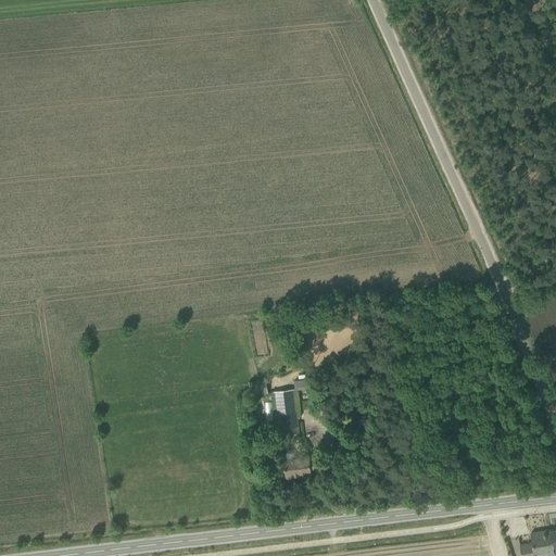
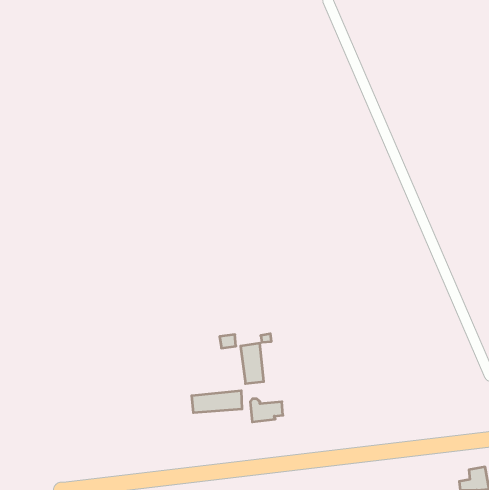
building: none -> [192,391,242,413]

